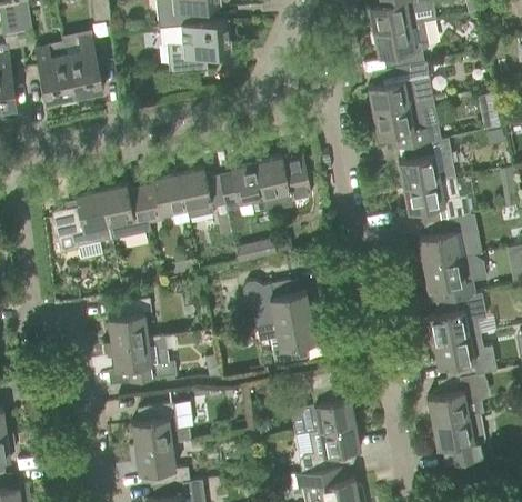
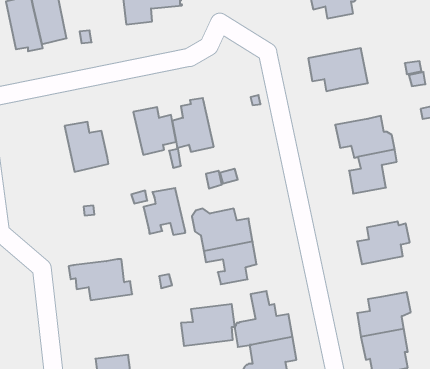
building: [368,62,432,112] -> none
building: [399,139,454,187] -> none
building: [257,153,312,211] -> none
building: [142,172,189,224] -> [143,188,185,235]
building: [52,188,112,253] -> none
building: [423,254,486,302] -> none
building: [108,298,152,343] -> none
building: [433,333,495,379] -> none
building: [132,401,192,448] -> [181,304,235,346]

